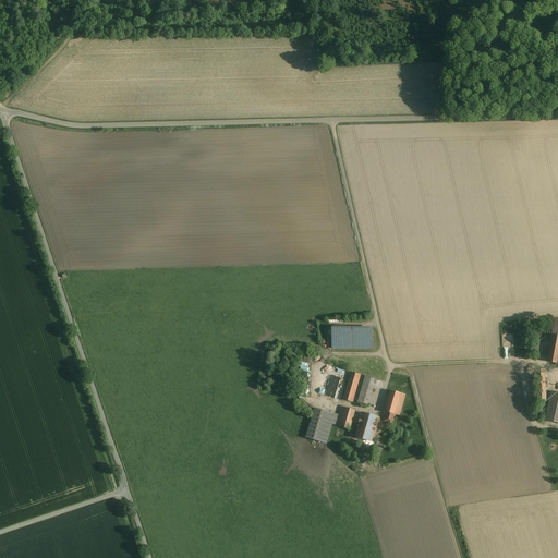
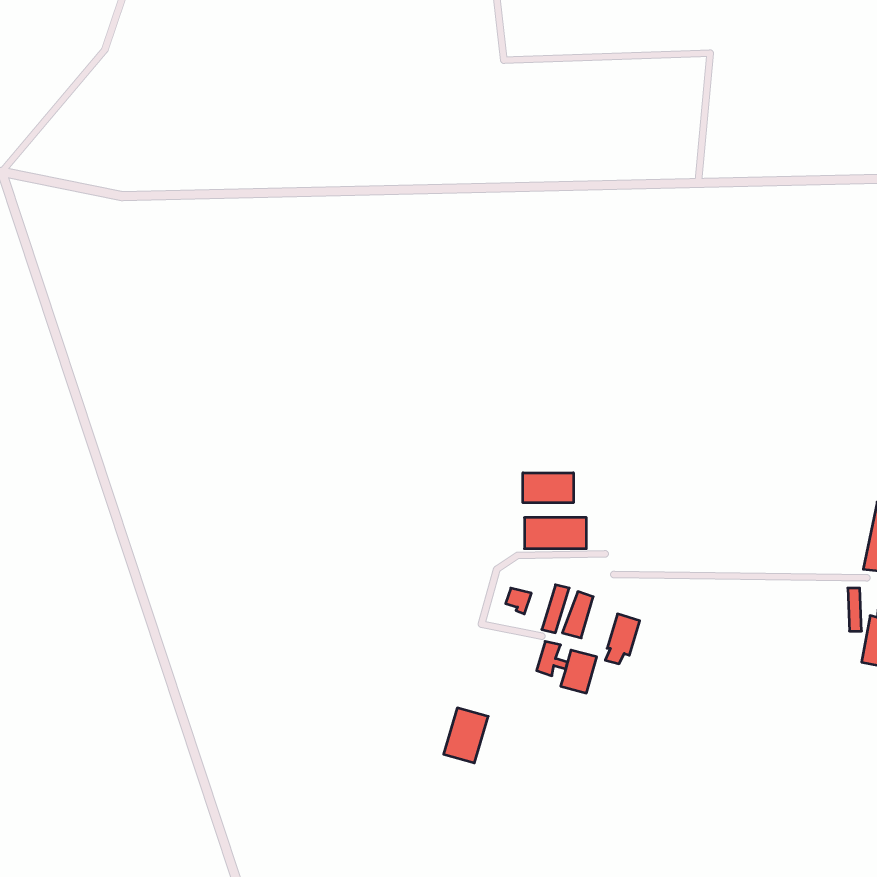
building: none -> [523,473,573,503]
building: [307,408,336,442] -> [444,708,488,763]

